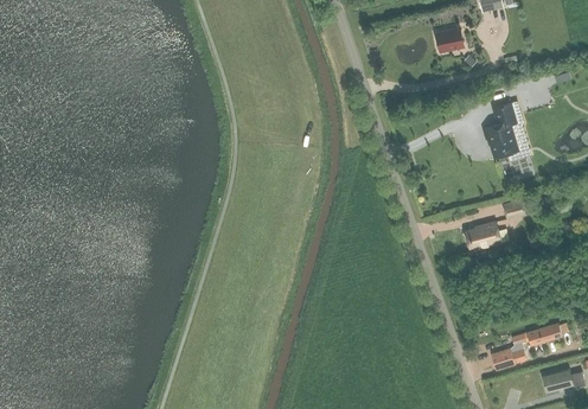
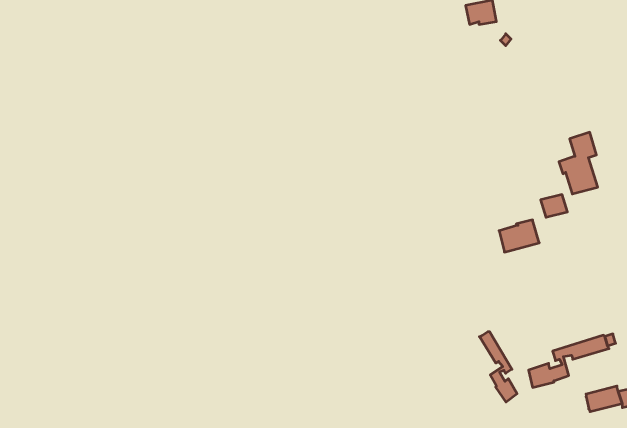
building: [484,101,518,155] -> [559,132,598,194]
building: none -> [479,332,517,402]

